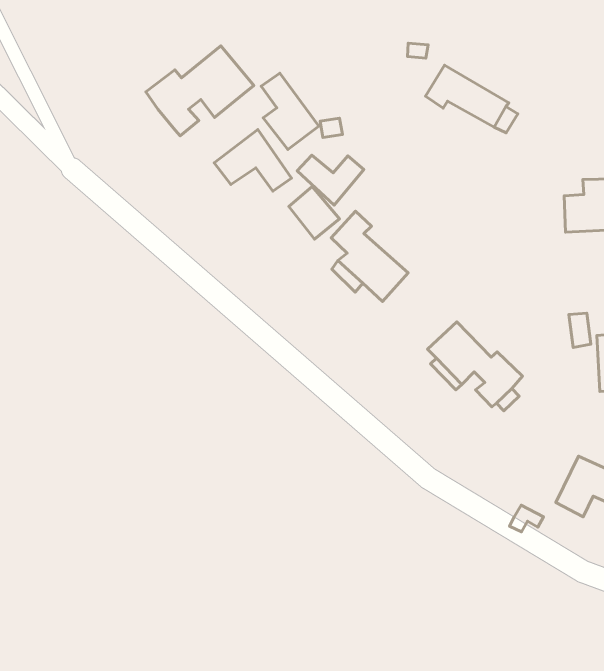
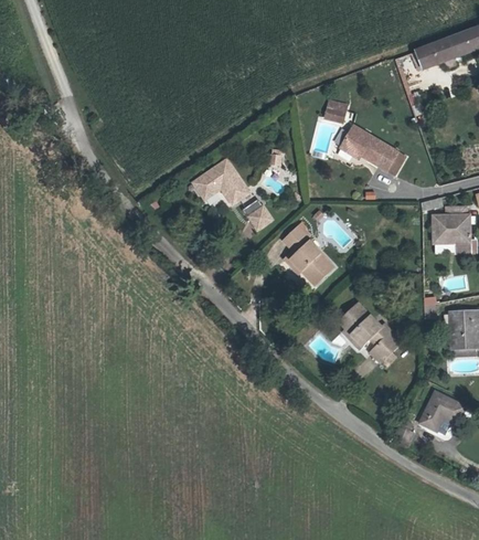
building: [146,46,254,136] -> none
building: [261,73,319,150] -> none
building: [297,155,364,205] -> none

